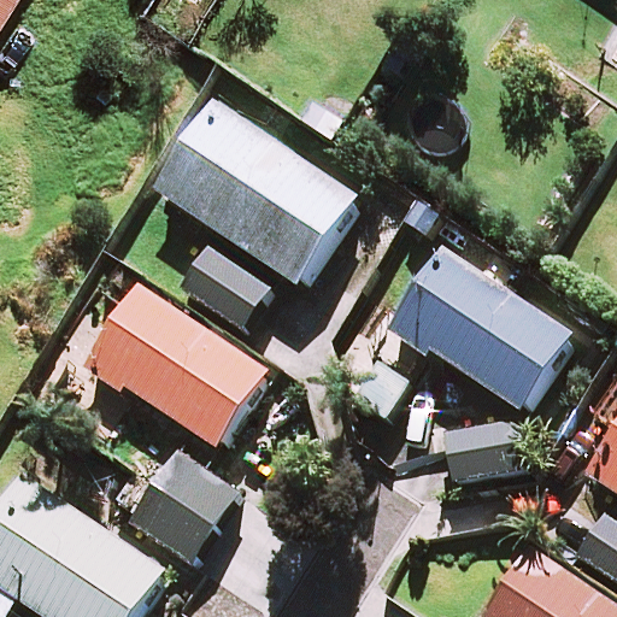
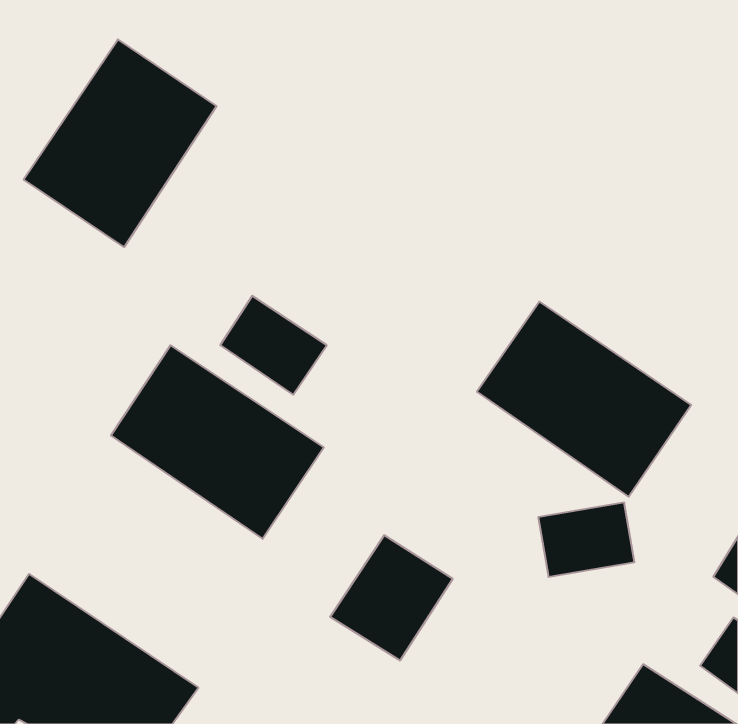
building: none -> [24,39,216,247]
building: [158,104,357,286] -> none
building: [133,454,234,558] -> [330,535,453,660]

